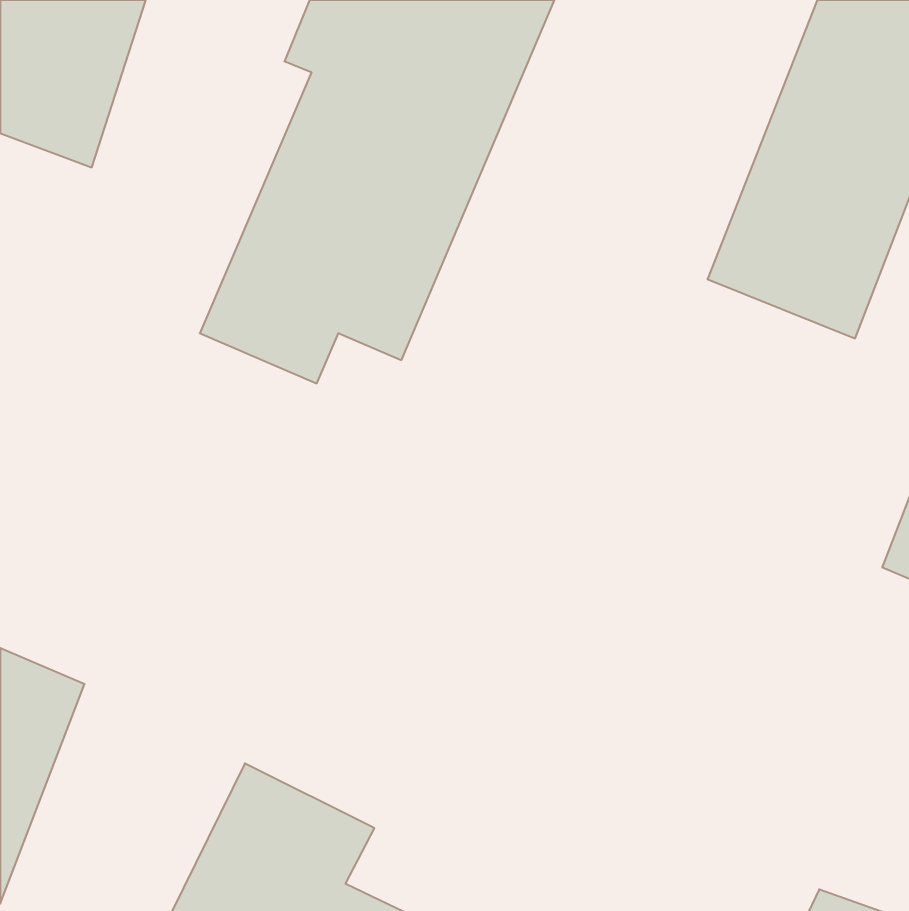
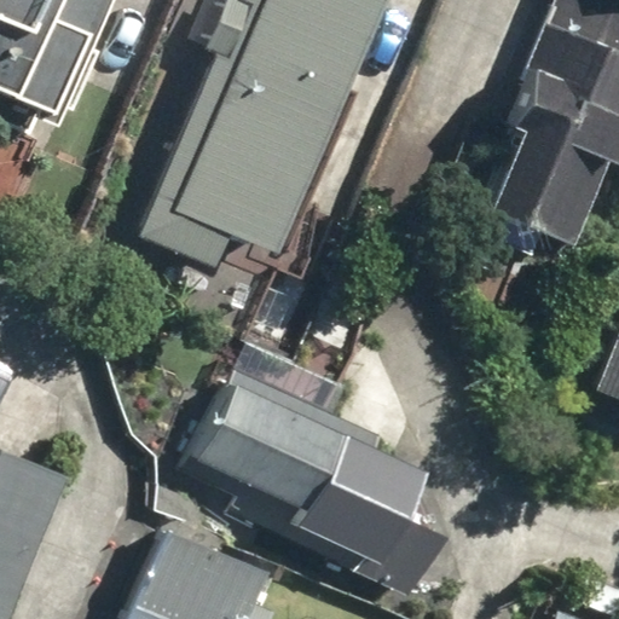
building: none -> [179,370,418,578]

